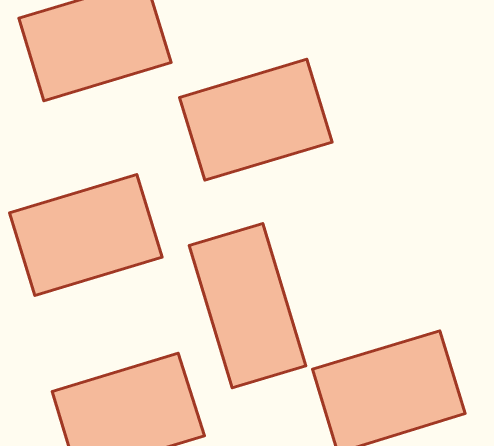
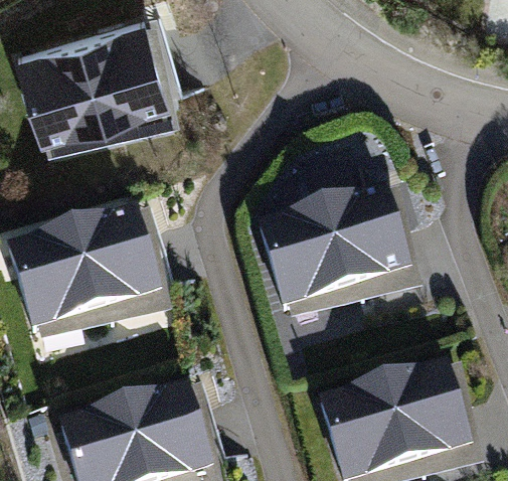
building: [180,59,332,180] -> [262,182,413,303]
building: [189,224,306,388] -> none

